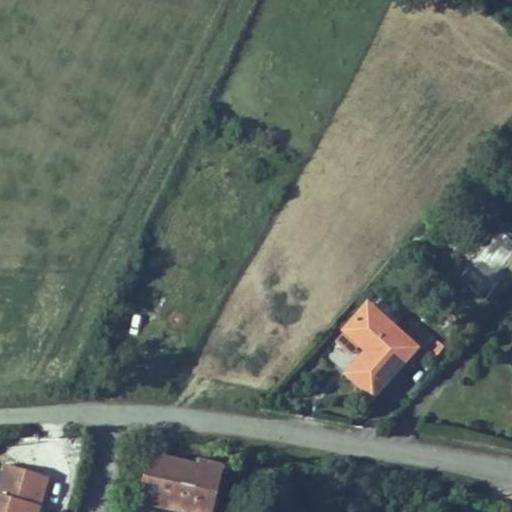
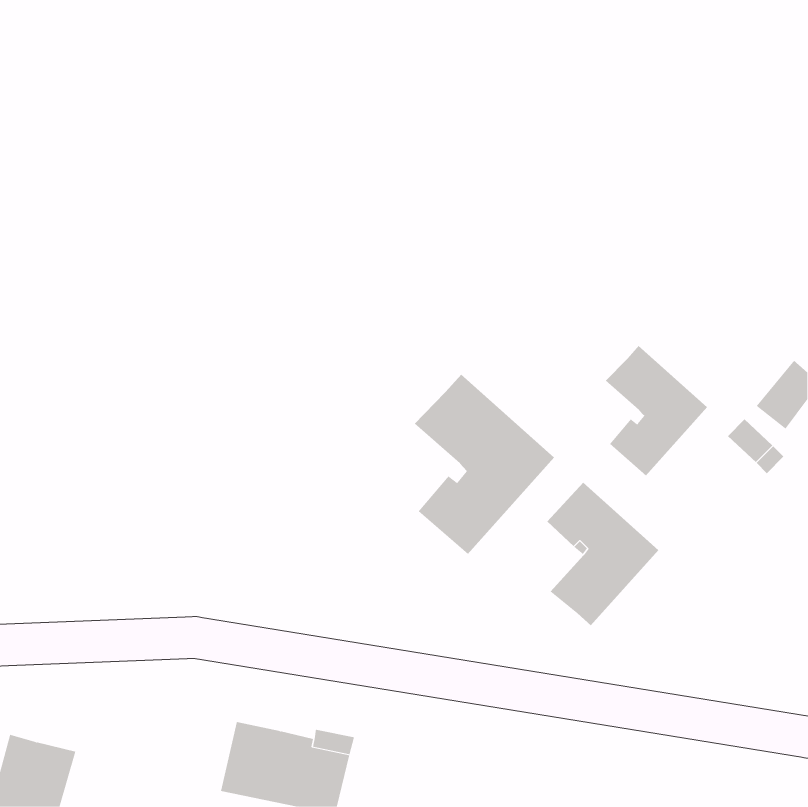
building: none -> [605,345,708,476]
building: none -> [414,374,555,555]

